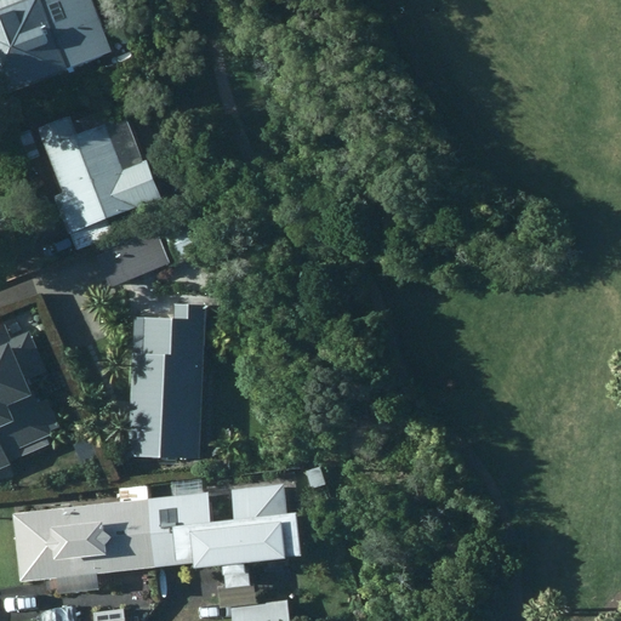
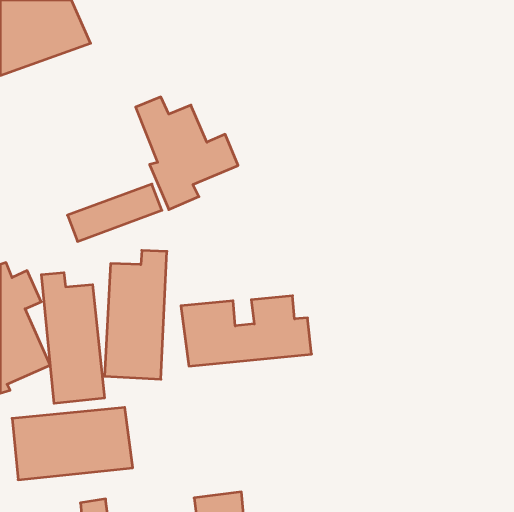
building: [34,116,158,252] -> [136,97,238,210]
building: none -> [41,273,104,403]
building: [150,482,308,566] -> [181,296,312,366]

